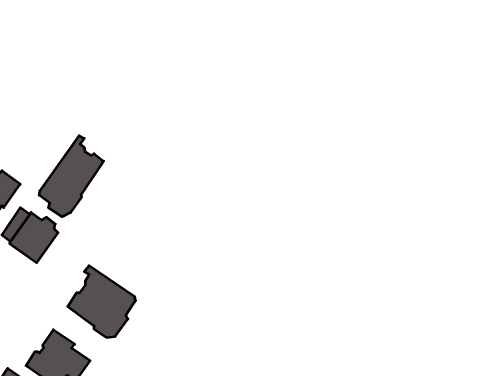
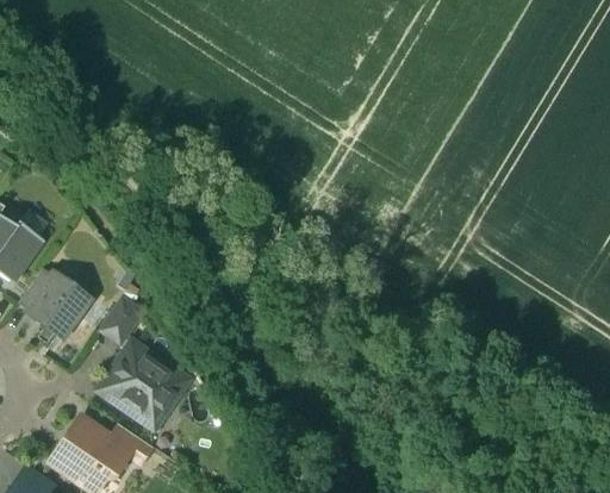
building: [39,136,104,217] -> none
building: none -> [98,297,145,348]
building: none -> [105,425,151,466]

